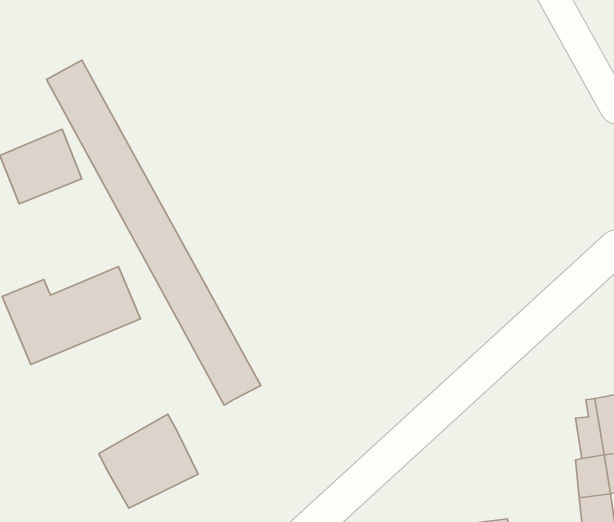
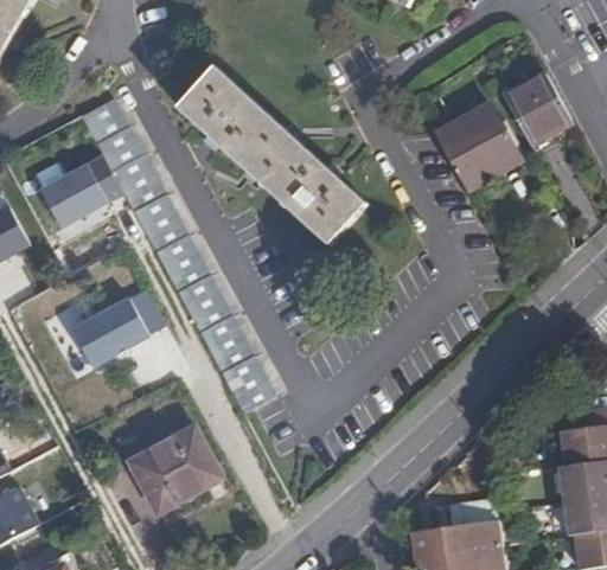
building: none -> [181,68,368,245]
building: none -> [501,78,567,148]
building: none -> [429,98,513,182]

